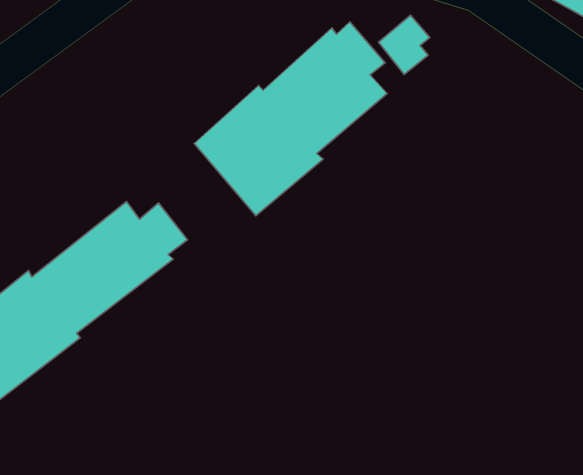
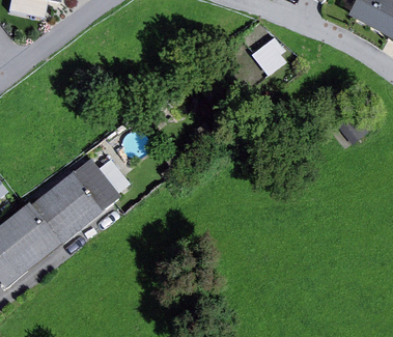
building: [194,22,387,216] -> none

